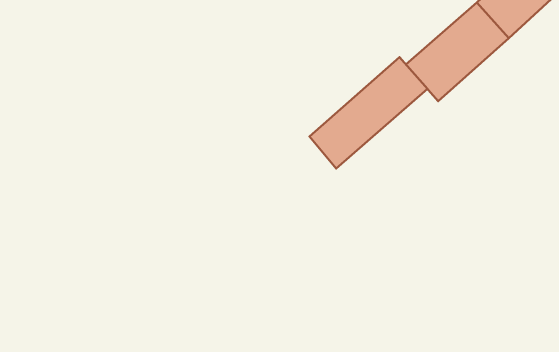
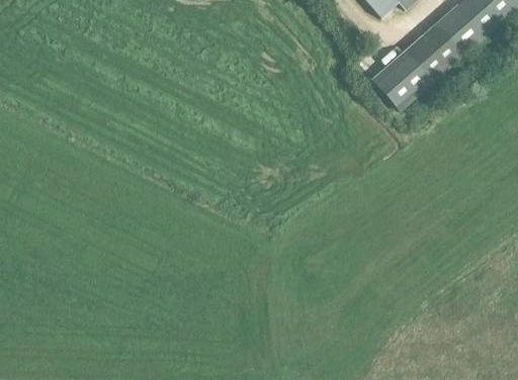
building: [310,57,427,168] -> none

